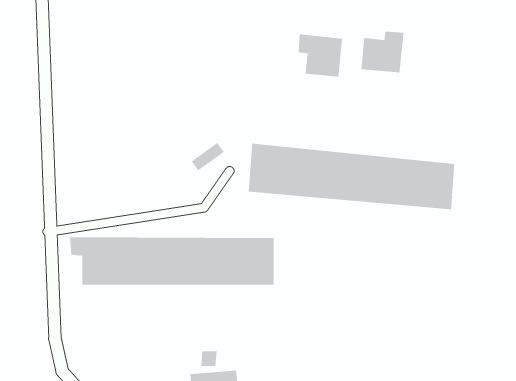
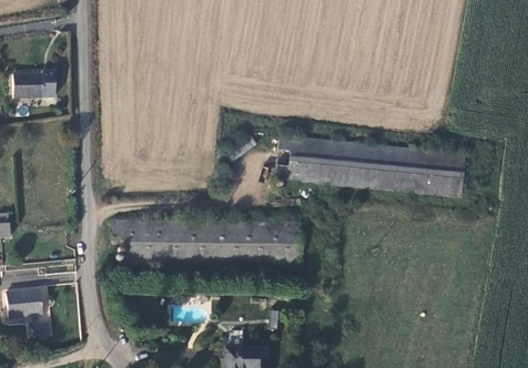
building: [361,31,404,73] -> none
building: [298,34,342,78] -> none

